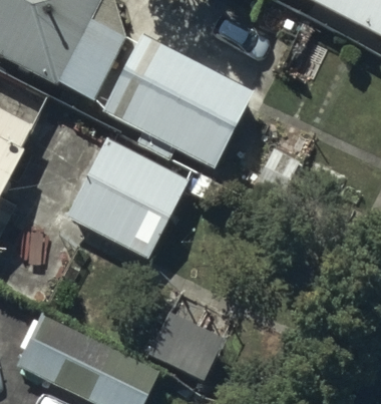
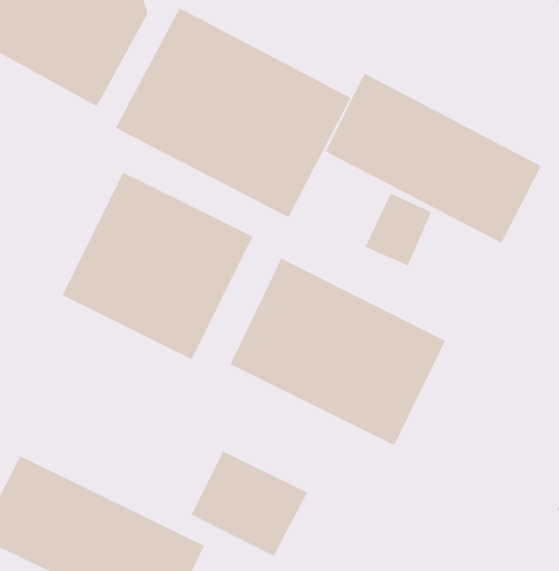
building: none -> [325,72,542,244]
building: none -> [230,258,446,446]

